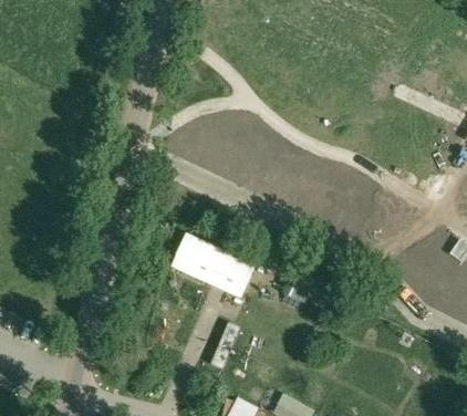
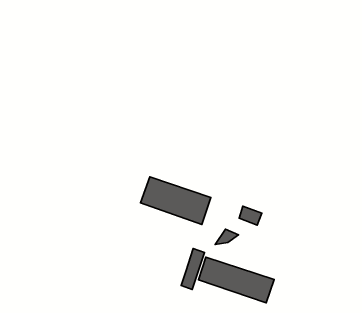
building: none -> [198,257,274,303]

